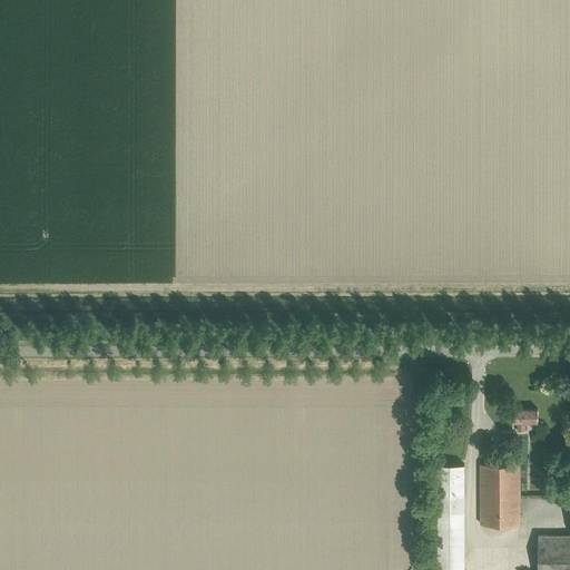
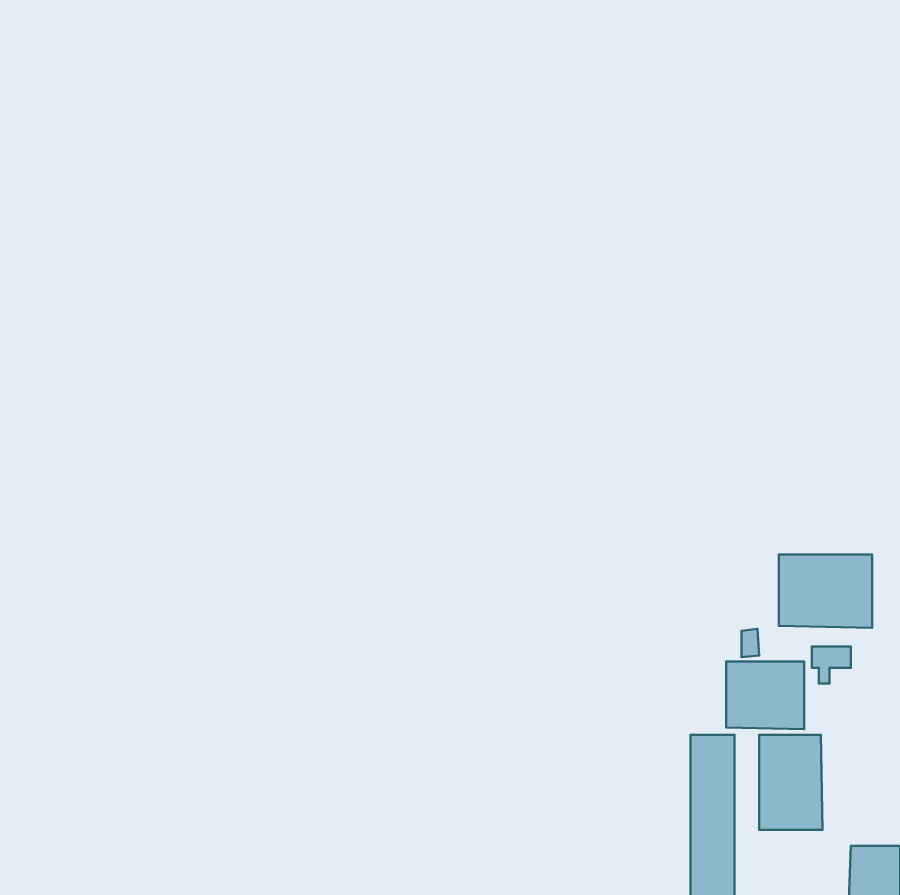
building: none -> [779,555,872,628]
building: none -> [726,661,804,729]

